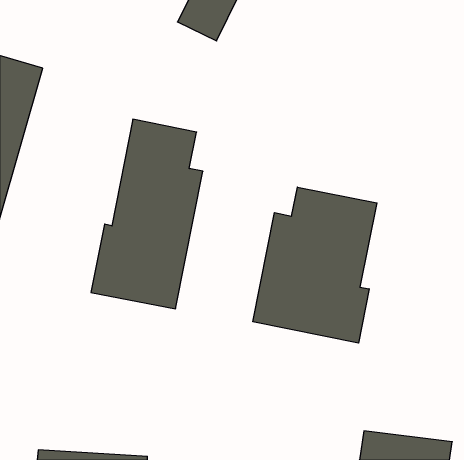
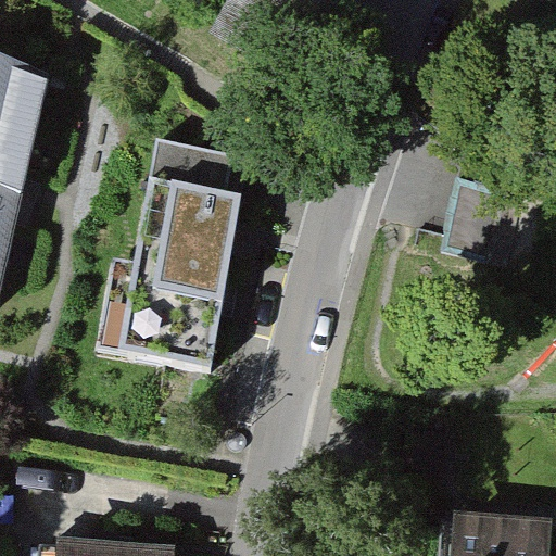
building: [253,187,377,343] -> none

